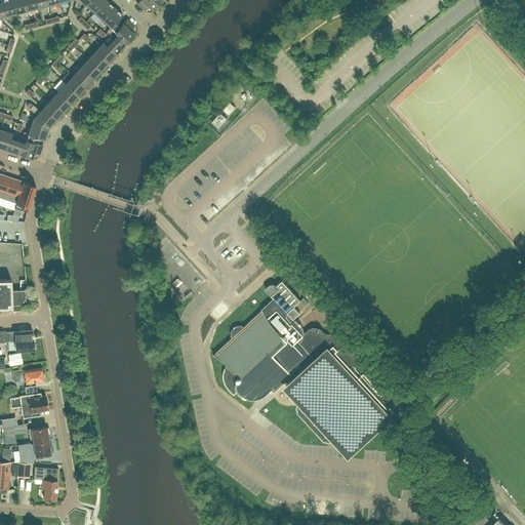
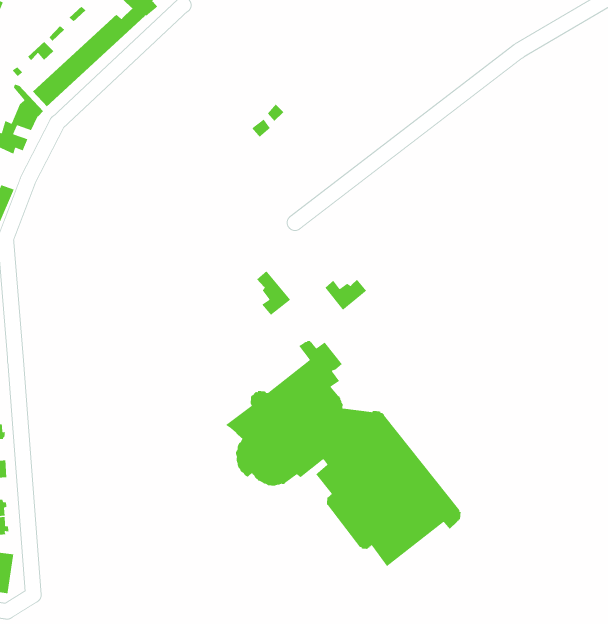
building: none -> [256,270,291,316]
building: none -> [324,279,367,311]

